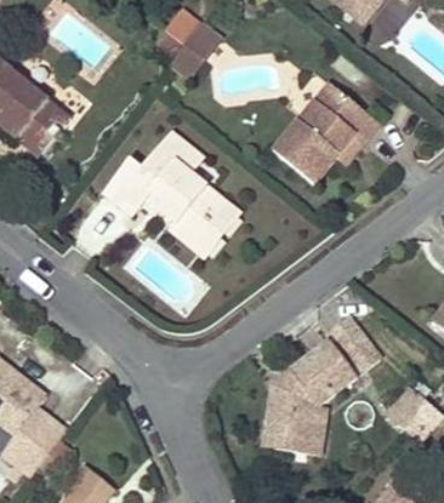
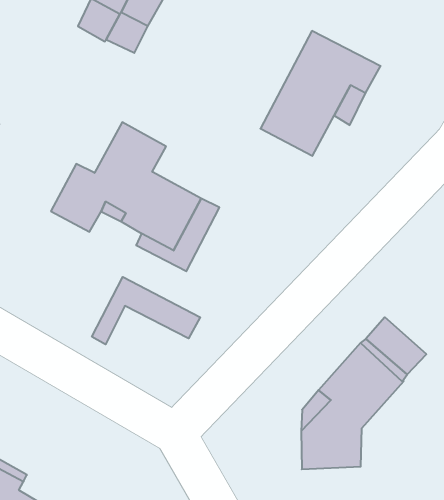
building: none -> [92,277,200,344]
building: [262,406,329,456] -> none

